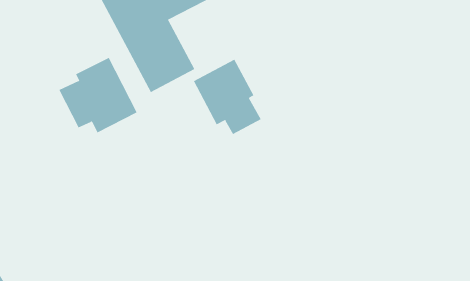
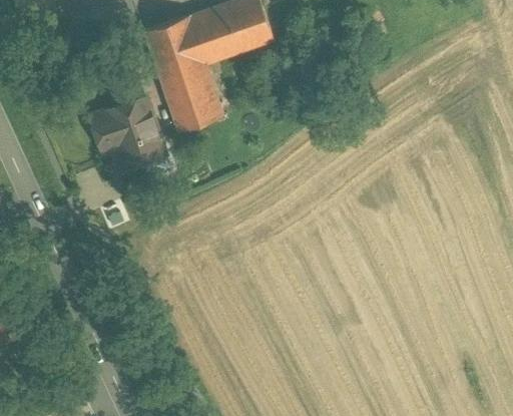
building: [193,59,261,135] -> none

